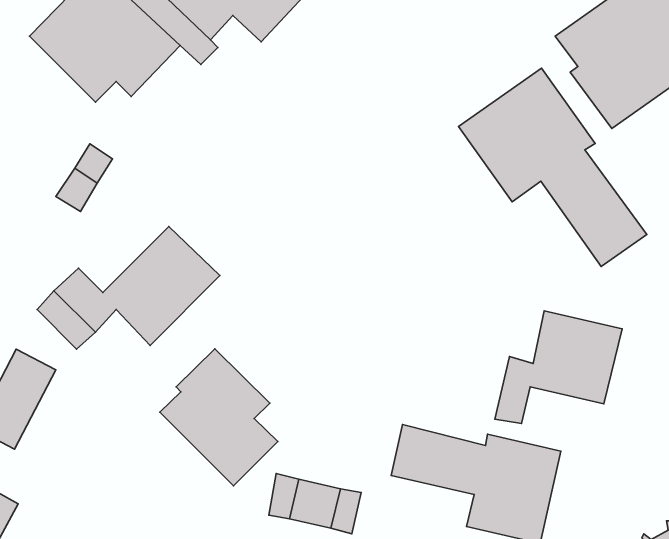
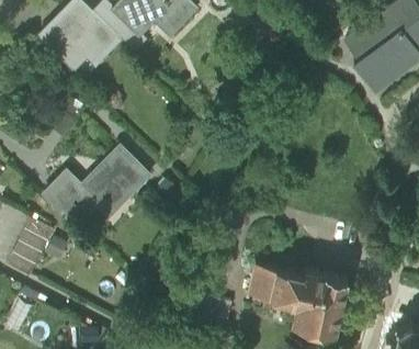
building: [458,68,647,267] -> none
building: [495,311,622,424] -> none
building: [160,349,278,486] -> none

